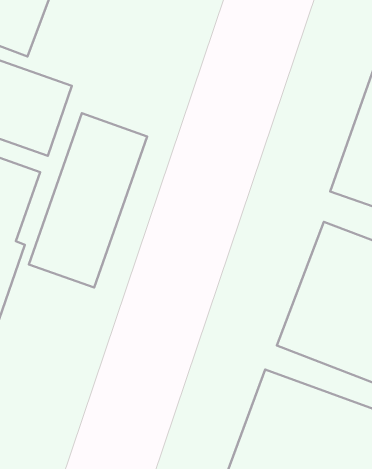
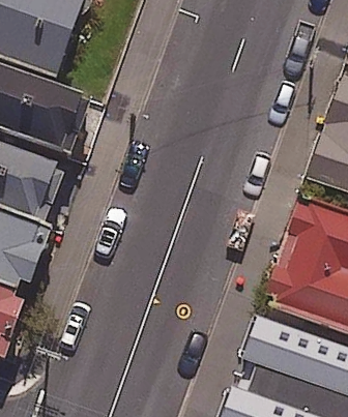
building: [29,113,147,288] -> none

